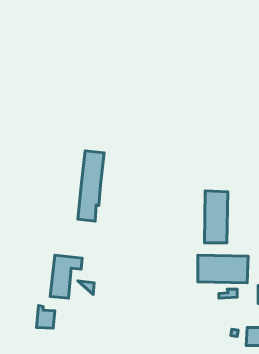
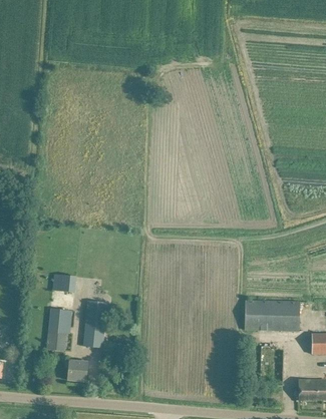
building: [78,151,104,221] -> [46,274,75,351]
building: [204,191,228,243] -> none

